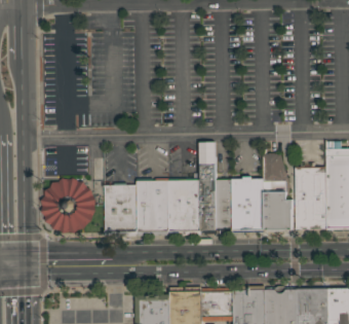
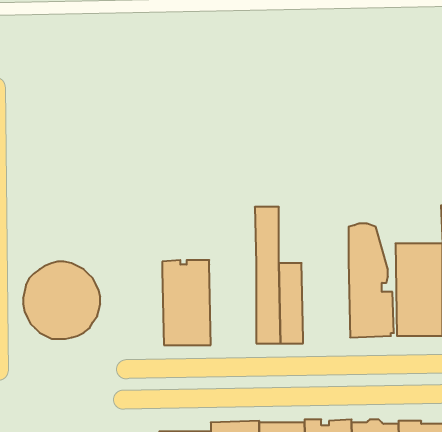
building: [231,176,264,230] -> none
building: [168,179,200,235] -> none
building: [104,182,138,236] -> none

